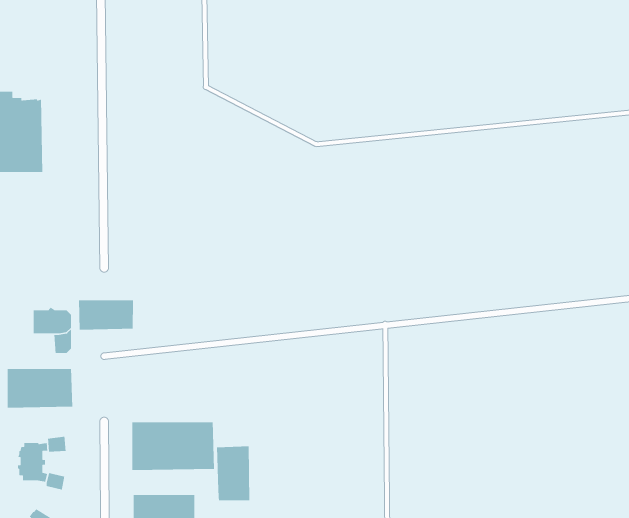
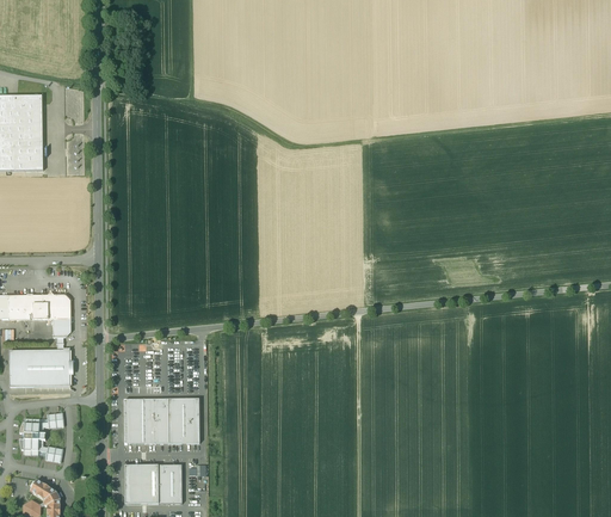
building: [78,299,134,330] -> none
building: none -> [8,296,33,319]
building: [216,446,250,501] -> none

